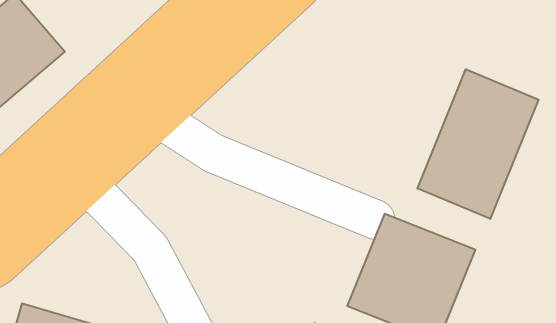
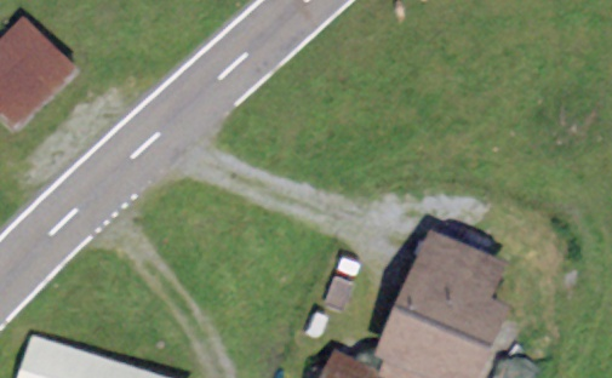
building: [417,69,539,219] -> none

